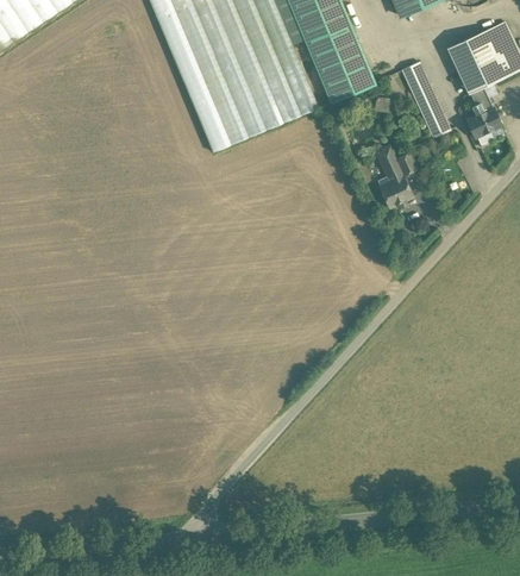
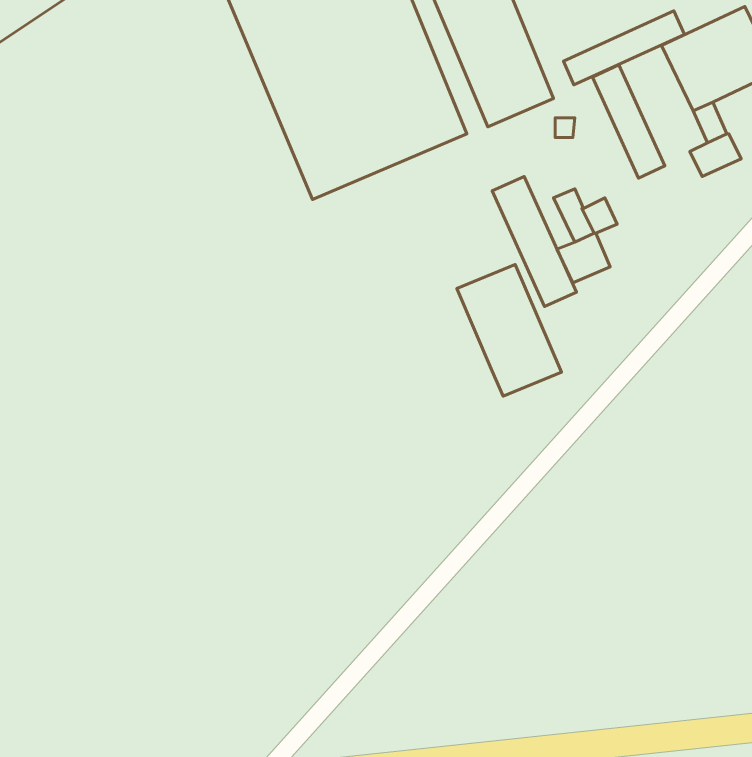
building: none -> [563,11,684,85]
building: none -> [492,177,577,307]
building: none -> [457,265,561,396]

